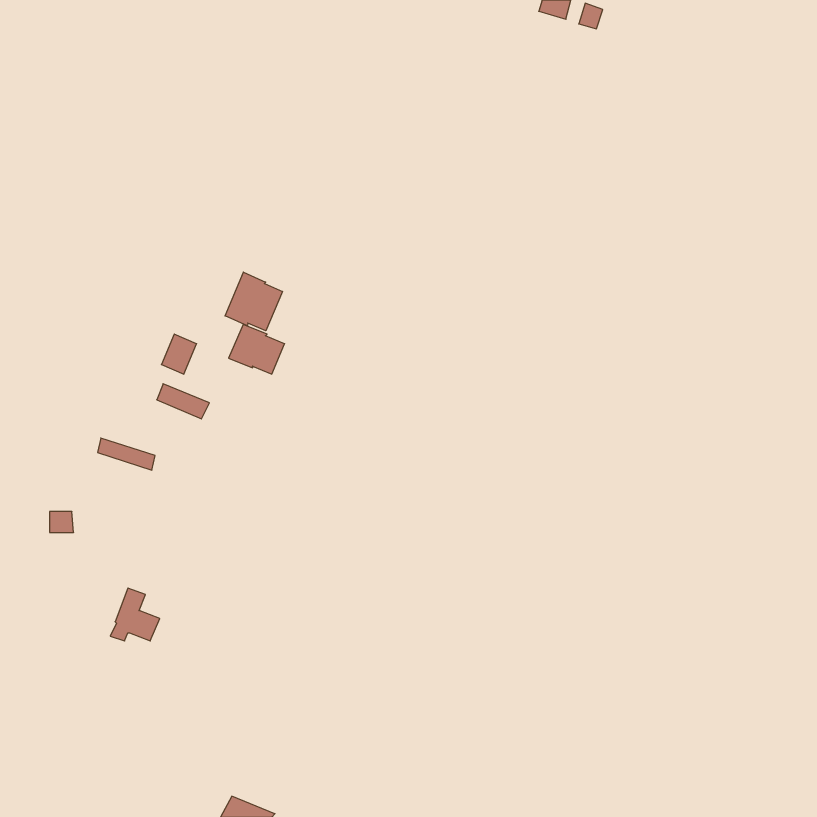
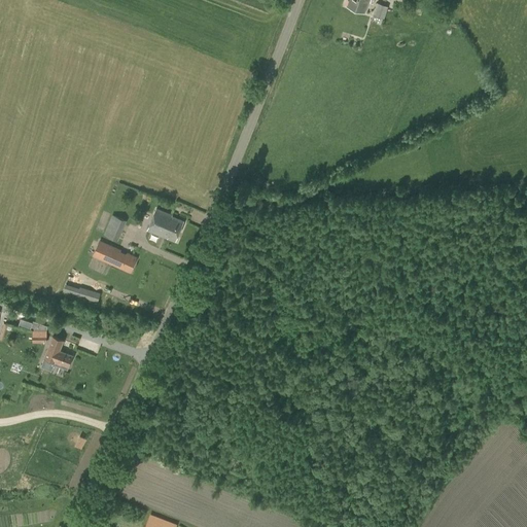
building: [225,272,282,331] -> none
building: [110,588,160,641] -> [41,336,73,370]

